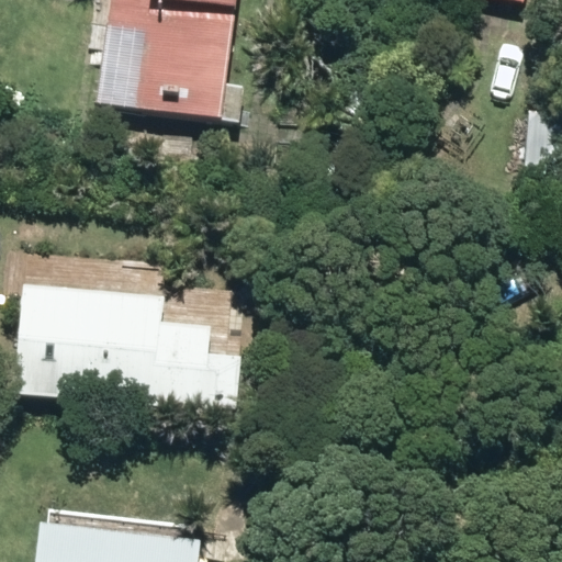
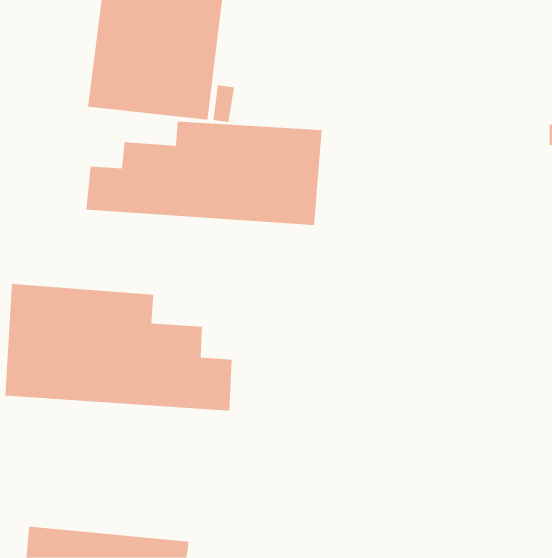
building: none -> [86,121,322,226]

